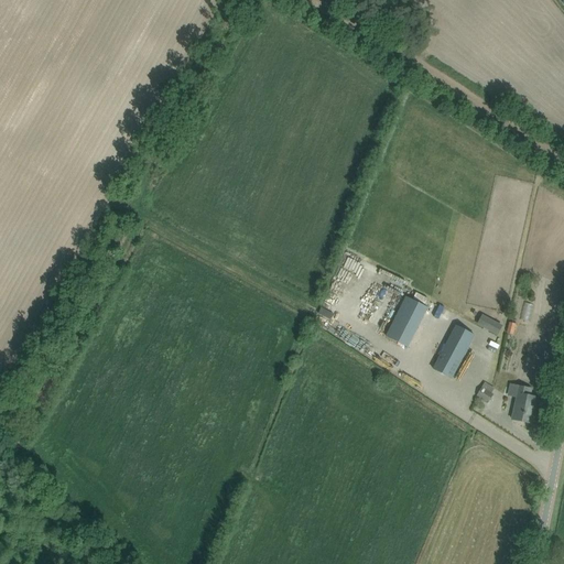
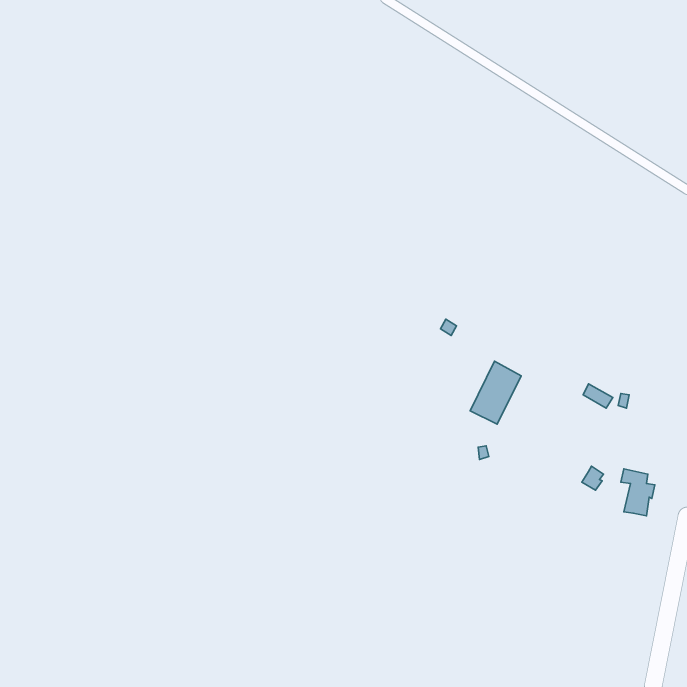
building: [432,325,474,377] -> none

